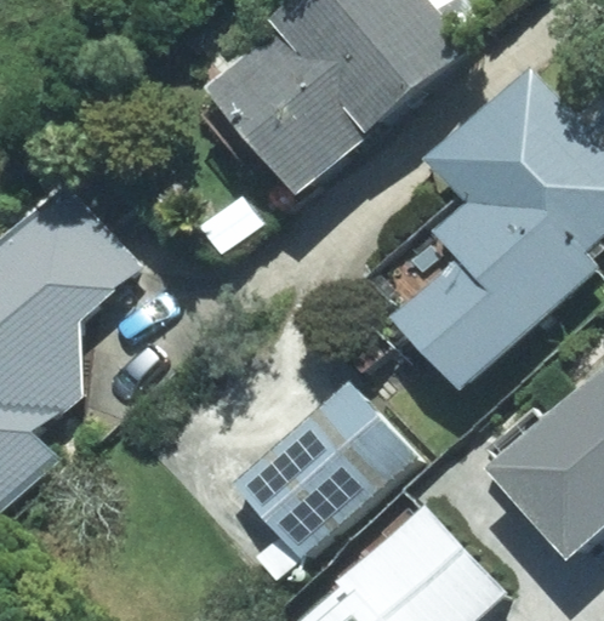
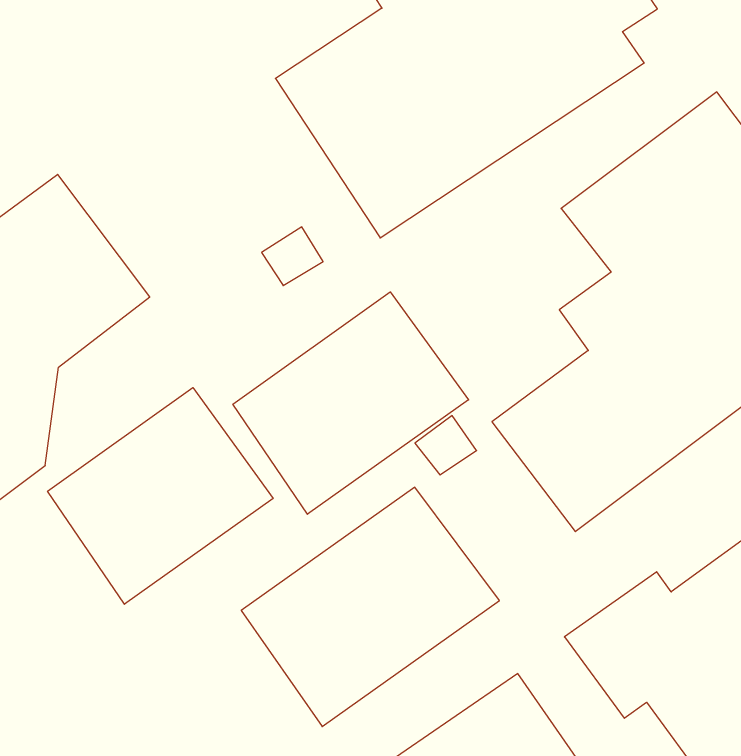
building: none -> [233,292,469,514]
building: none -> [48,388,273,604]

